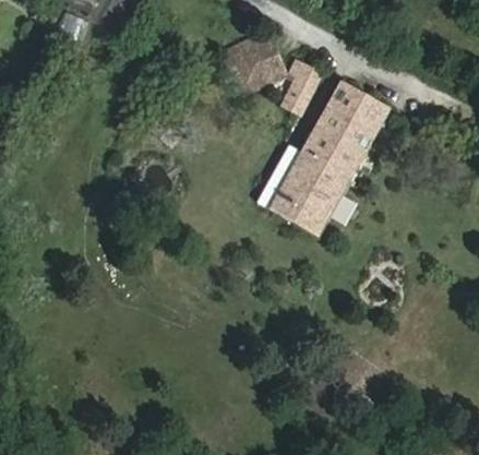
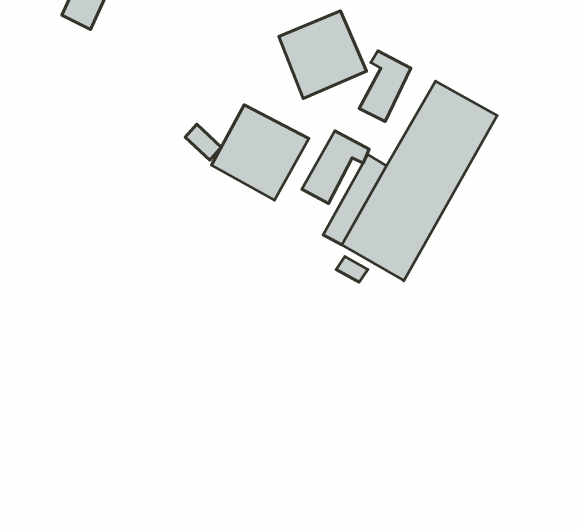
building: none -> [212,105,309,200]
building: none -> [302,131,369,204]

